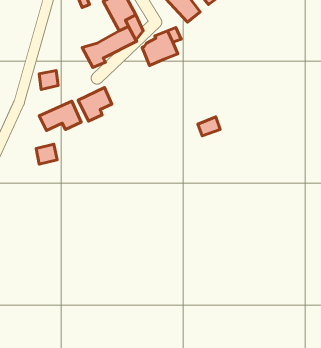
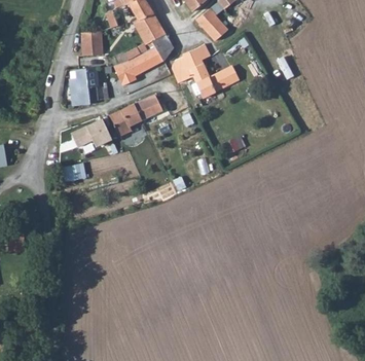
building: none -> [77,32,102,55]
building: none -> [192,65,240,99]
building: none -> [68,69,95,93]
building: none -> [134,96,161,121]

